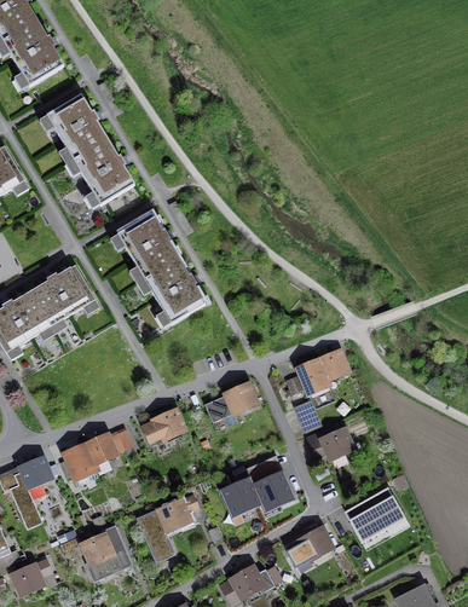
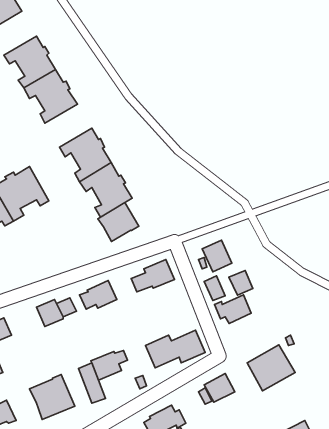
building: none -> [98,202,139,242]
building: [318,348,348,380] -> [229,270,253,295]
building: [60,441,97,482] -> none

